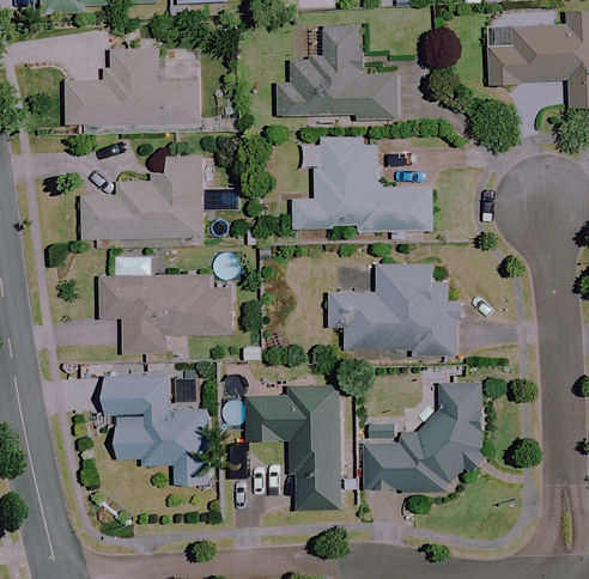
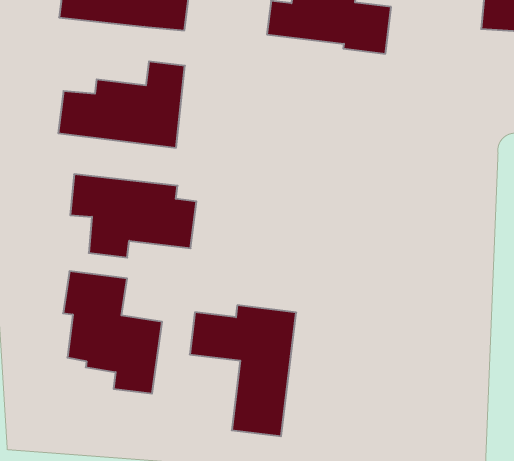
building: [292,136,431,231] -> none
building: [326,263,466,356] -> none
building: [366,384,487,488] -> none

